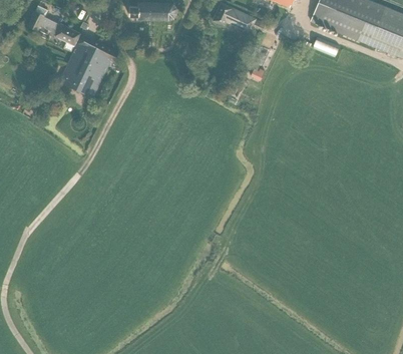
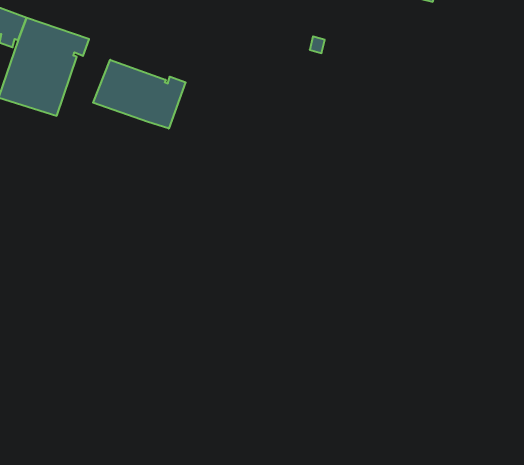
building: none -> [93,60,186,129]

